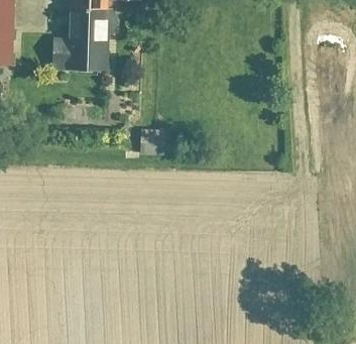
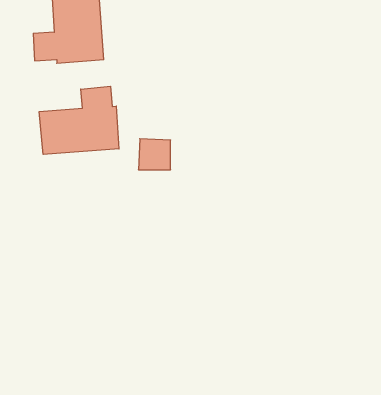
building: none -> [39,86,119,154]

